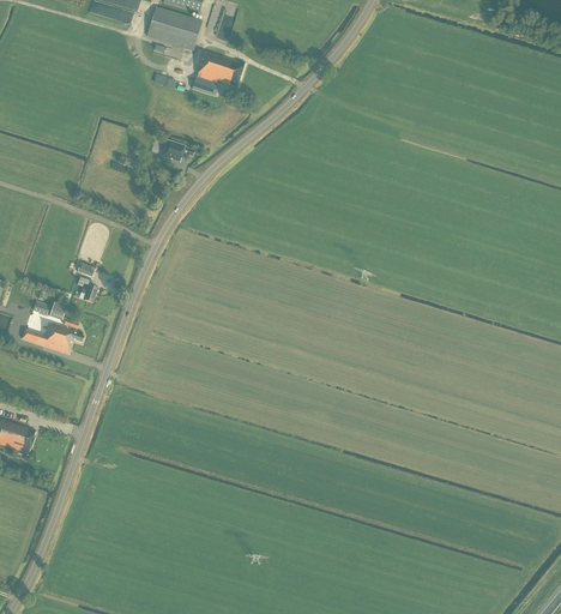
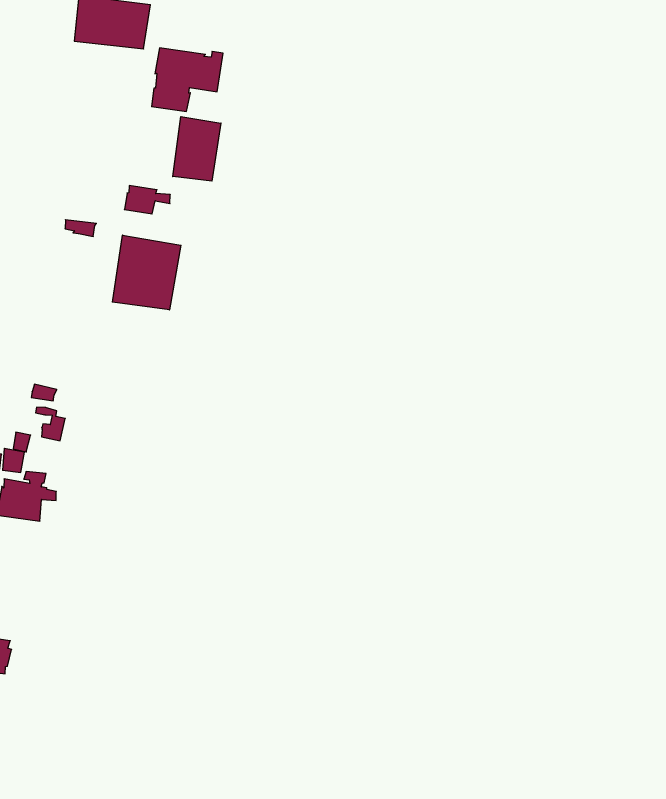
building: none -> [173,117,221,181]
building: none -> [112,235,181,310]

